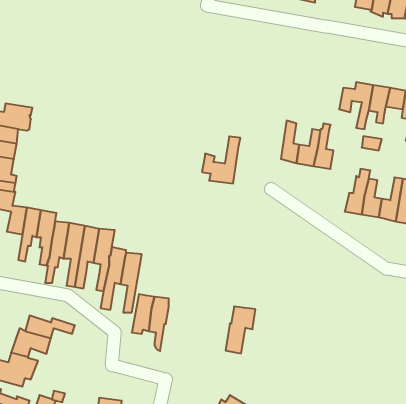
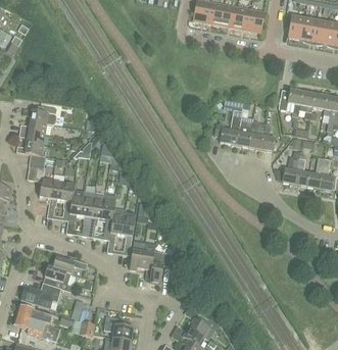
building: [202,136,240,183] -> [212,109,240,143]
building: [226,306,255,353] -> [148,249,170,283]

